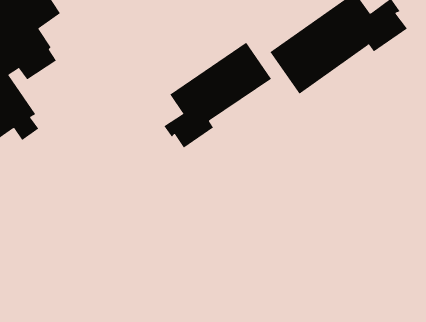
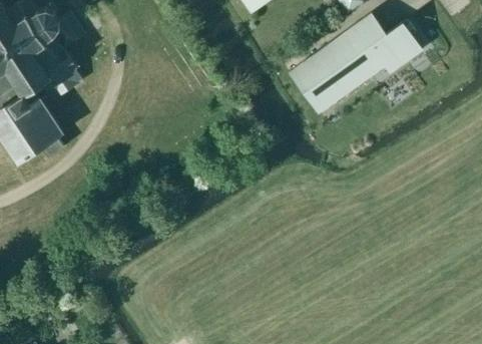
building: [163,42,272,149] -> none

